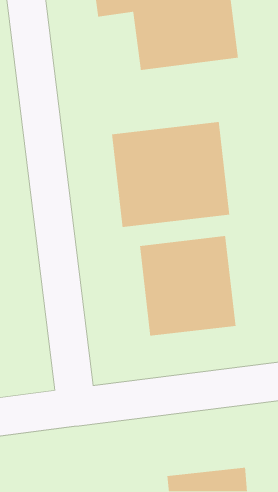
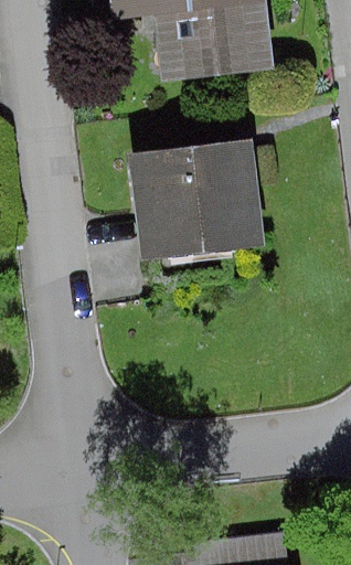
building: [139,235,237,337] -> none

